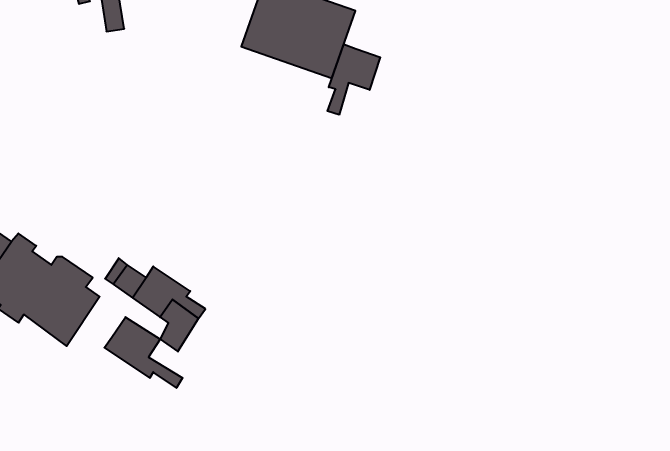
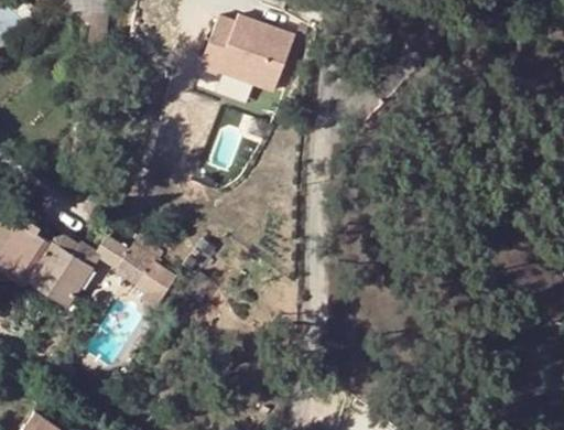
building: [327,44,380,115] -> none
building: [104,317,183,388] -> none

